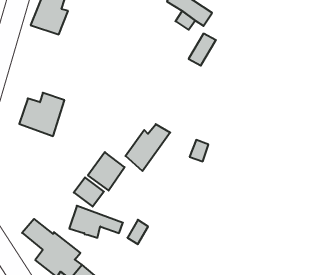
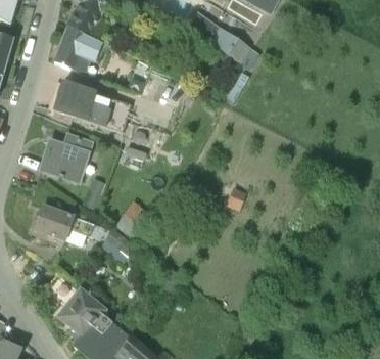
building: none -> [53,82,130,130]
building: [125,124,170,171] -> none
building: [69,206,123,238] -> [34,206,92,240]

